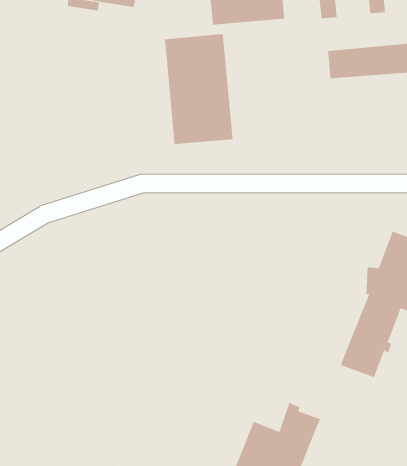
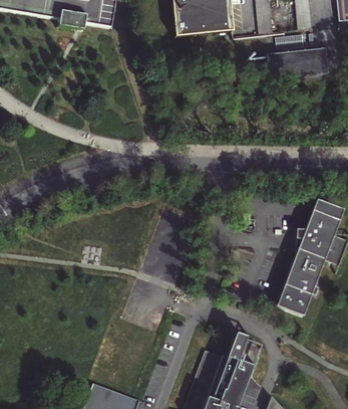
building: [164,33,233,145] -> none

